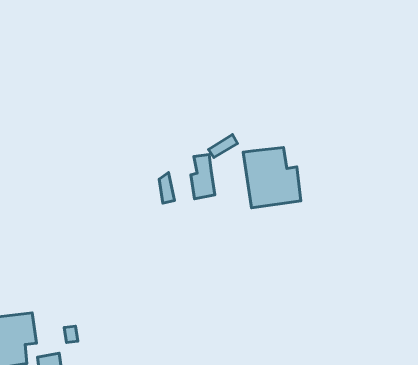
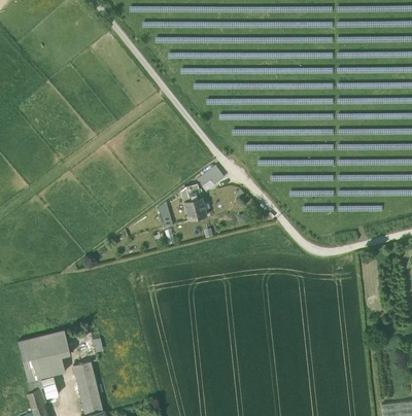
building: [243,148,301,208] -> none

